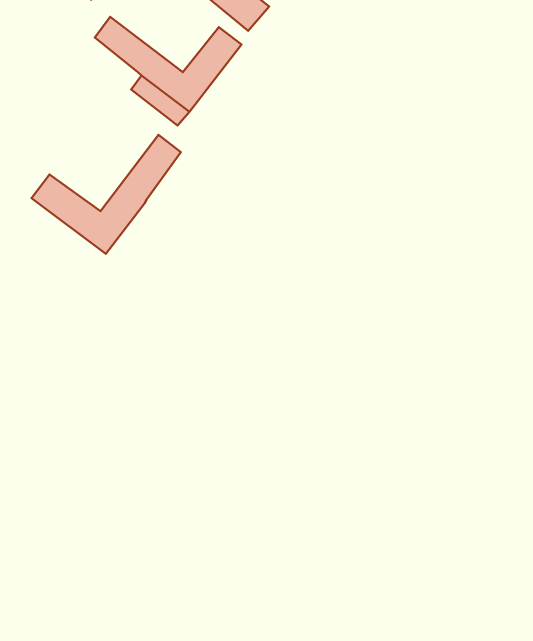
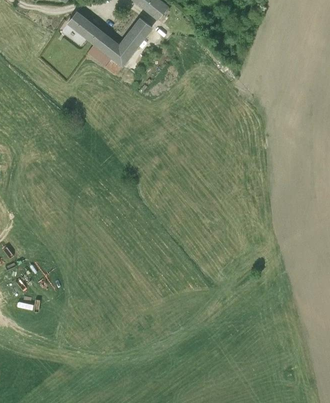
building: [32,135,181,254] -> none

